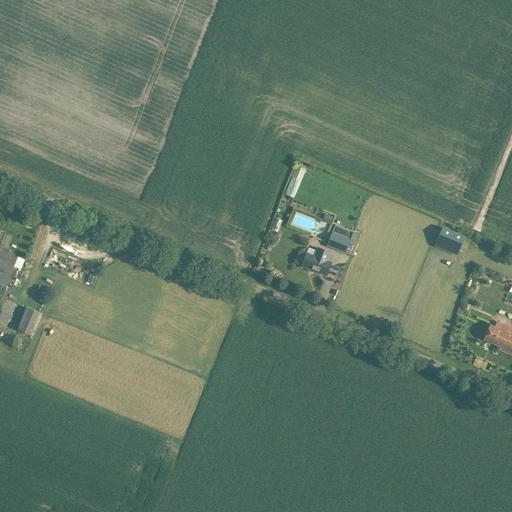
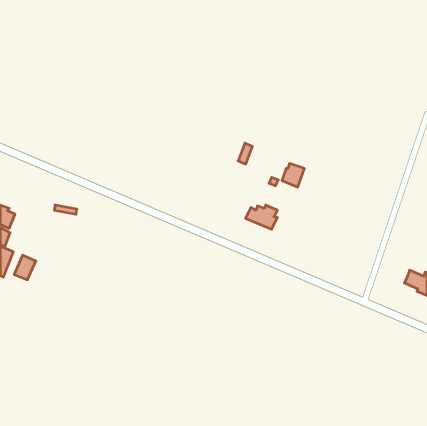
building: [326,224,353,252] -> [282,164,304,187]
building: [435,225,465,253] -> none

